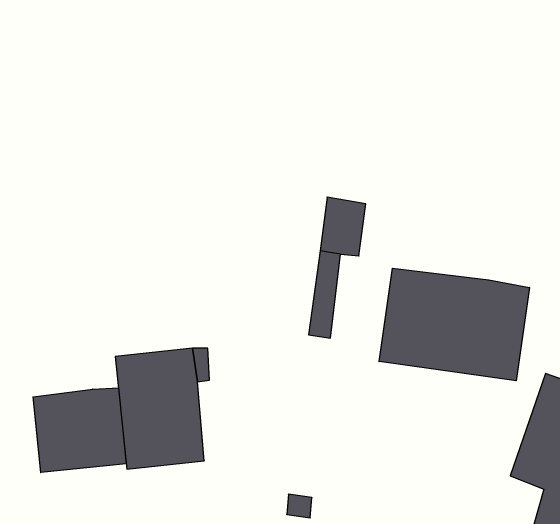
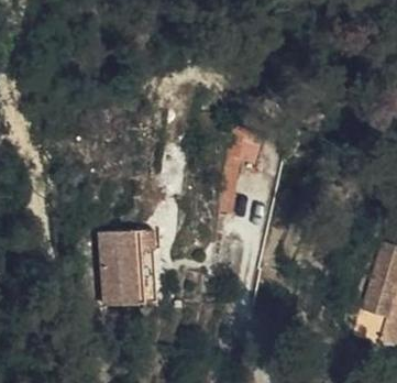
building: [379,268,529,381] -> none
building: [33,388,126,473] -> none

